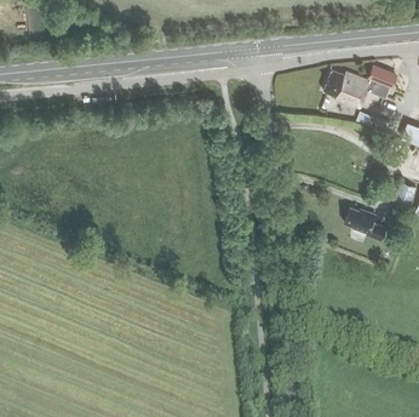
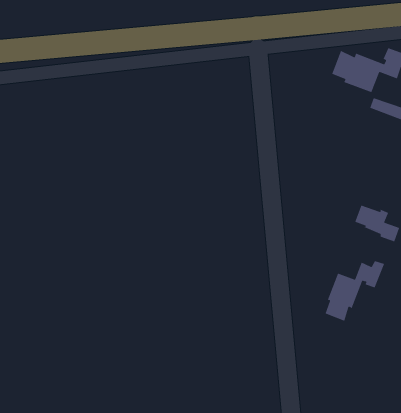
building: none -> [324,260,385,322]

